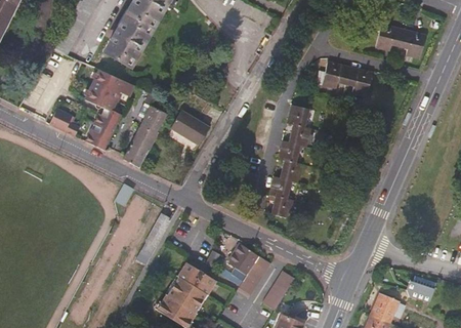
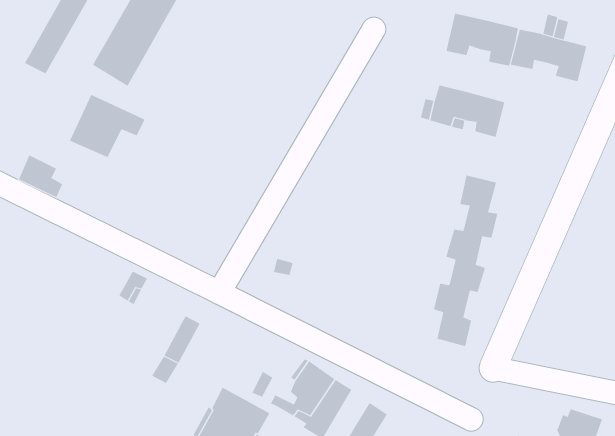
building: none -> [446,13,519,66]
building: [269,105,312,218] -> [433,175,498,347]
building: [123,106,166,167] -> none
building: [85,110,120,151] -> none
building: [171,110,210,145] -> none

